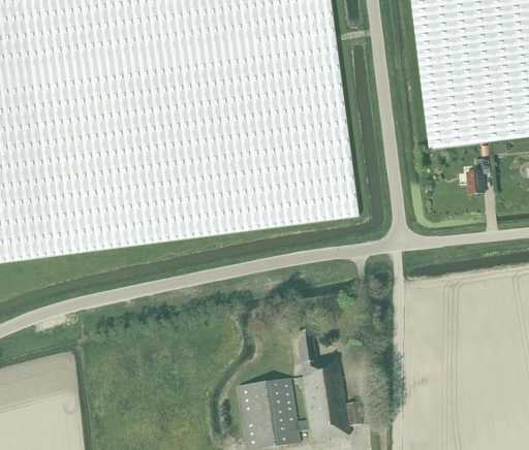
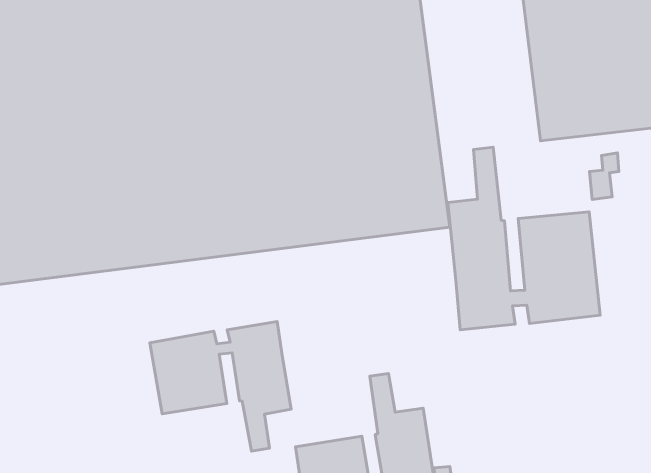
building: none -> [448,147,600,330]
building: none -> [150,321,291,451]

